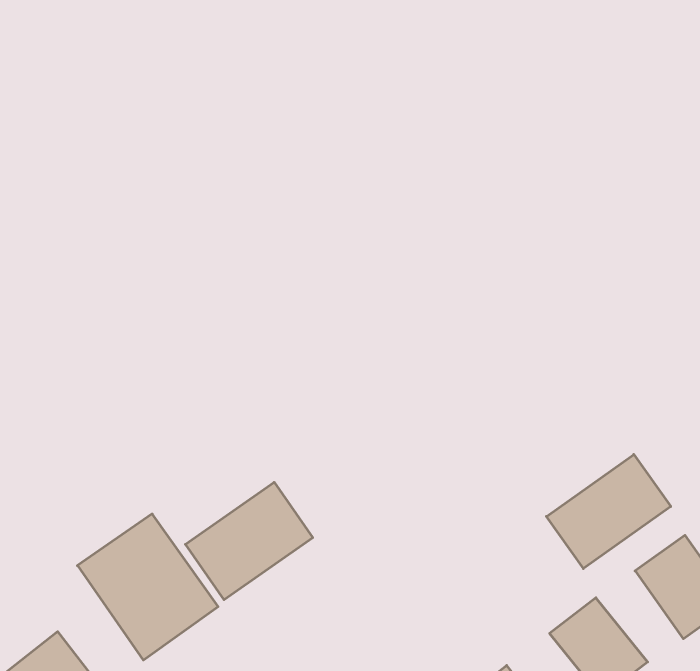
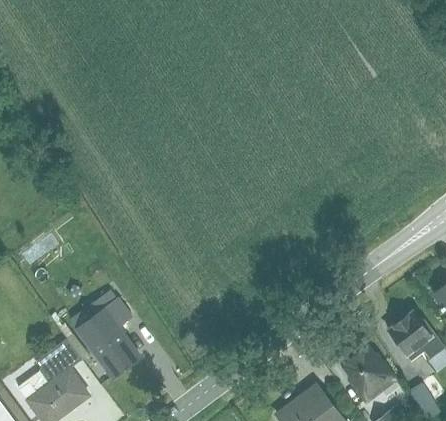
building: [546,454,671,569] -> none
building: [185,482,313,600] -> none

